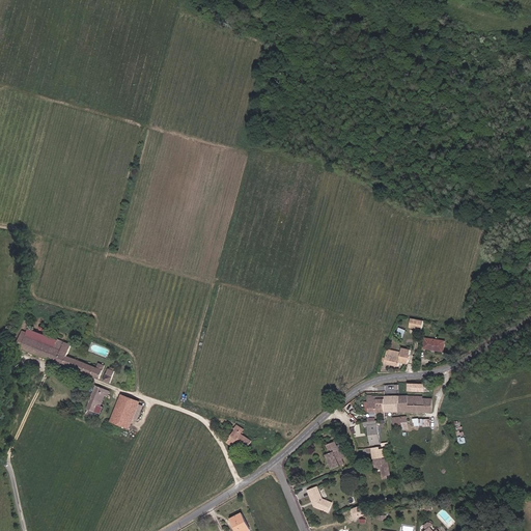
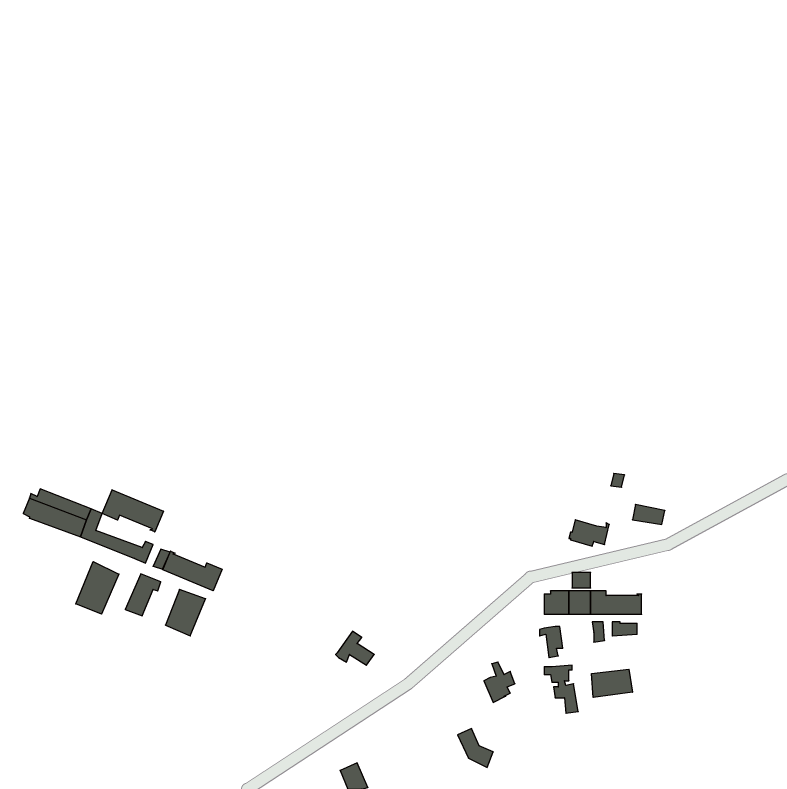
building: none -> [102,490,163,532]
building: none -> [163,551,222,591]
building: none -> [76,562,119,614]
building: none -> [592,669,632,697]

